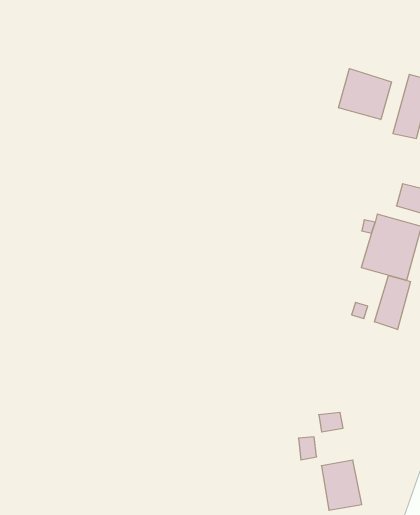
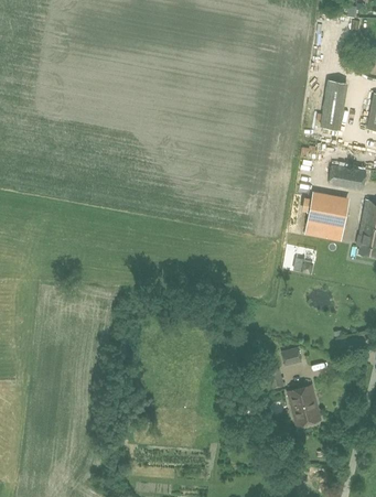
building: [339,69,392,120] -> none
building: [375,276,411,330] -> none

